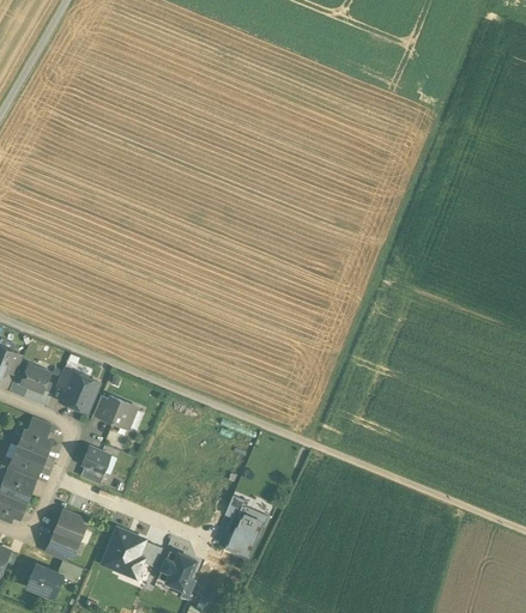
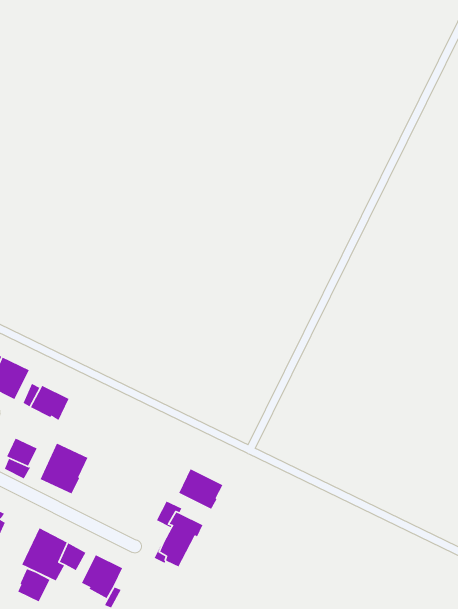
building: none -> [39,443,89,495]
building: none -> [178,468,224,510]
building: none -> [17,568,50,602]

